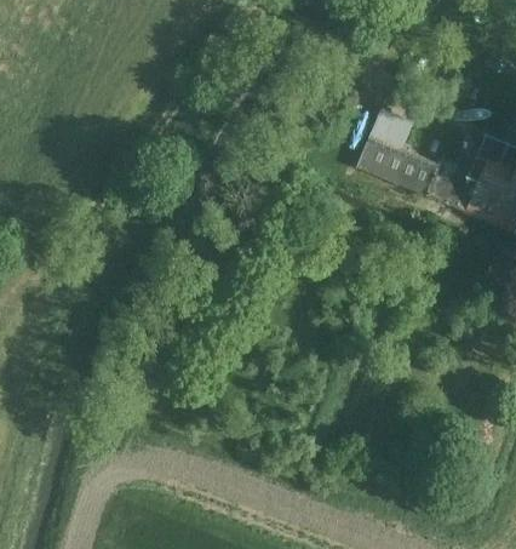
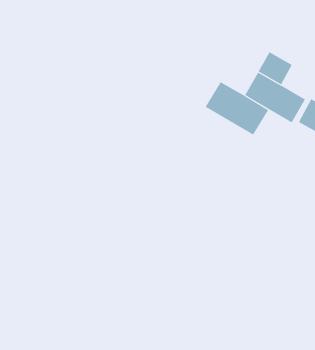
building: none -> [205,81,269,136]

